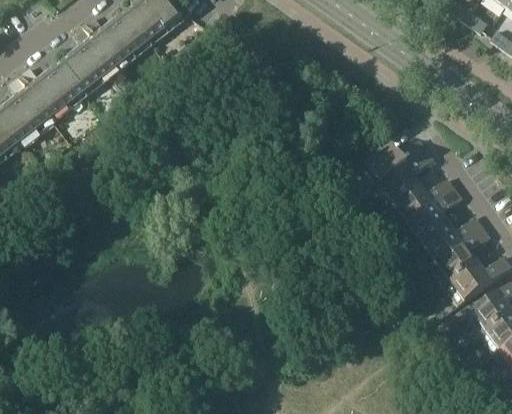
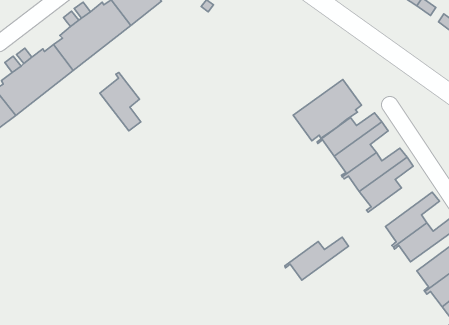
building: none -> [100,73,141,131]
building: none -> [293,80,362,141]
building: [414,216,485,264] -> [285,237,349,280]

